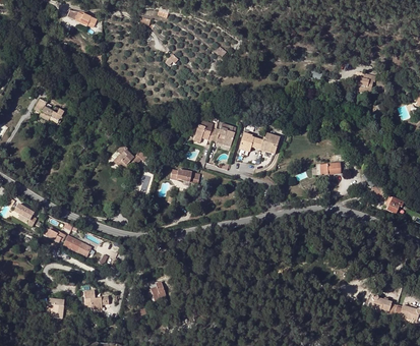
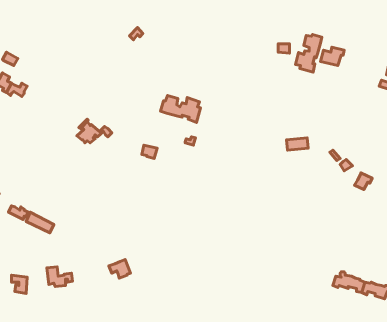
building: none -> [296,35,322,72]
building: [238,132,279,154] -> none

